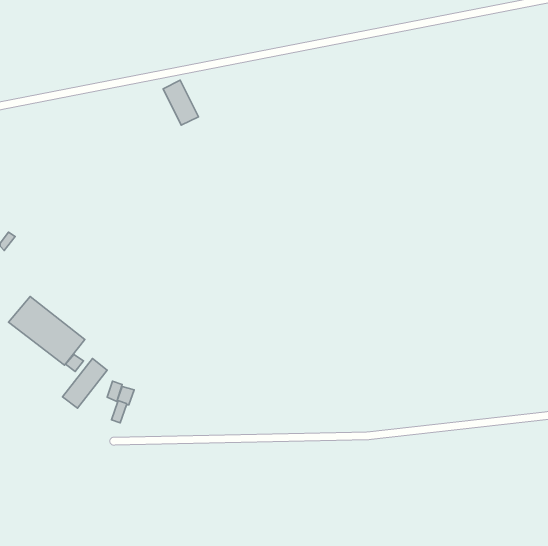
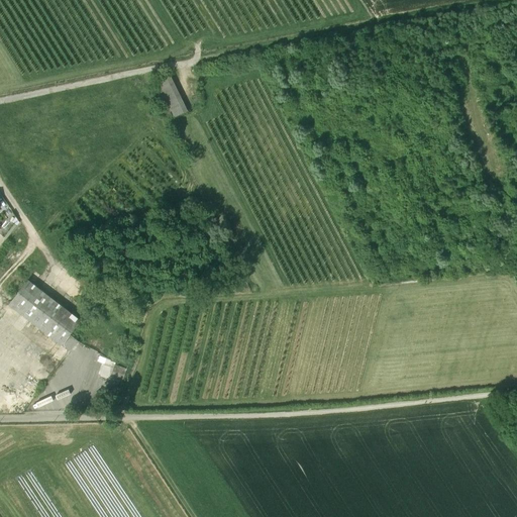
building: [63,359,107,408] -> none

